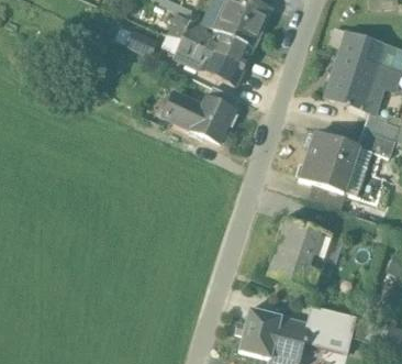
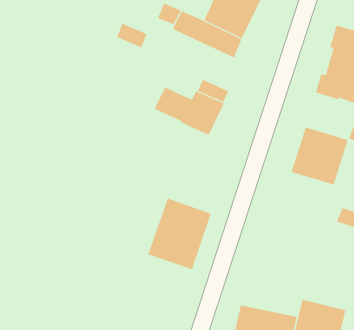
building: [175,35,245,82] -> none
building: [267,219,331,290] -> [147,198,211,270]

